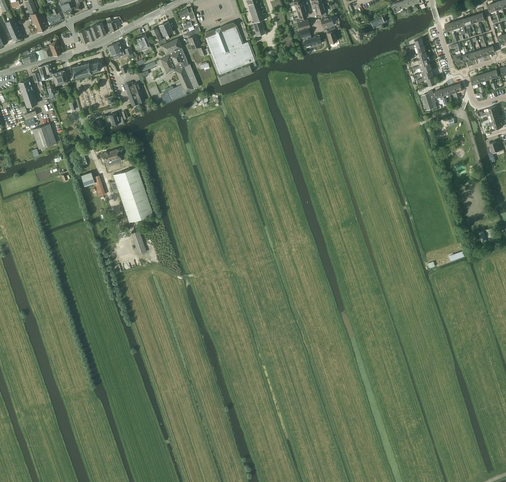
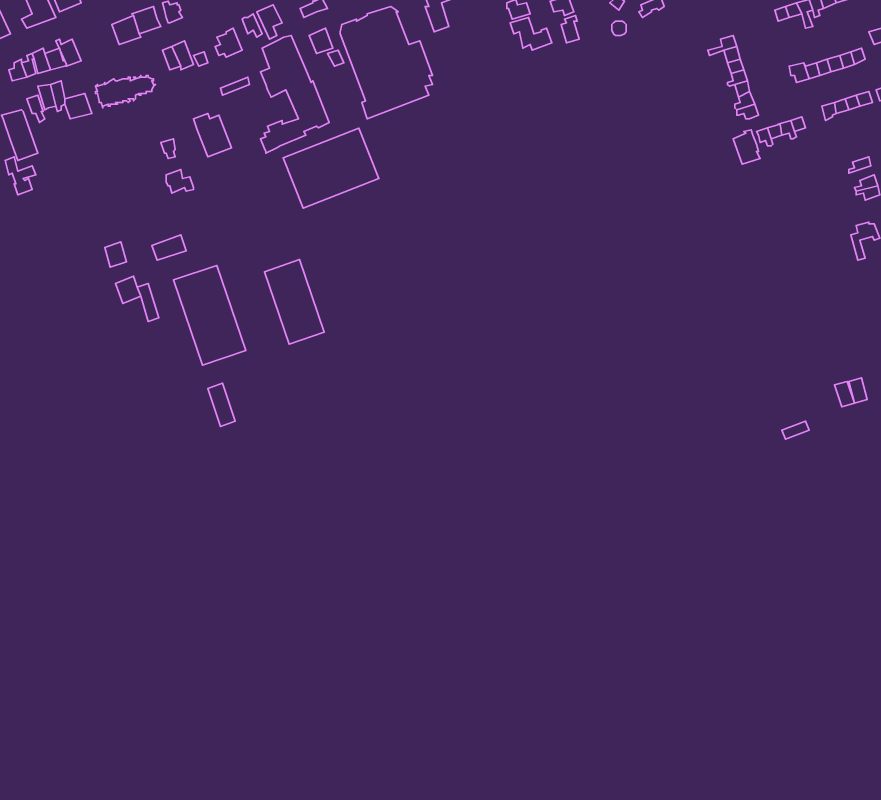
building: none -> [283,128,379,208]
building: [32,124,57,149] -> none
building: none -> [265,260,324,344]

